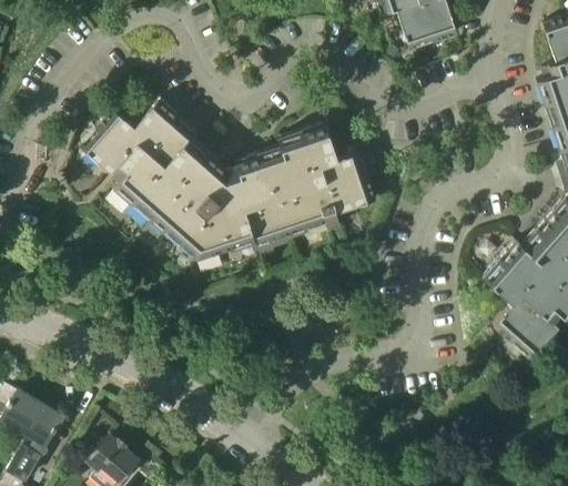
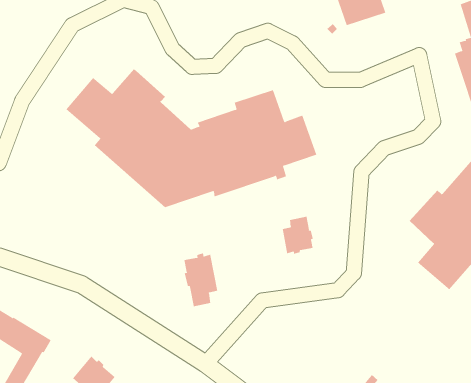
building: none -> [282,216,314,255]
building: none -> [184,252,218,307]

